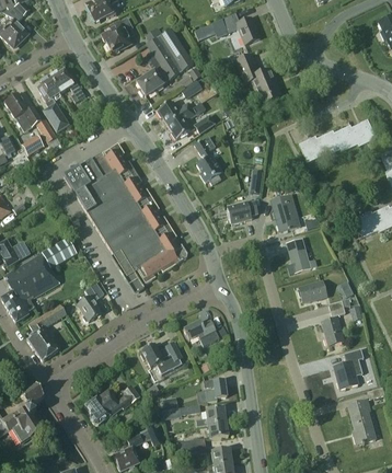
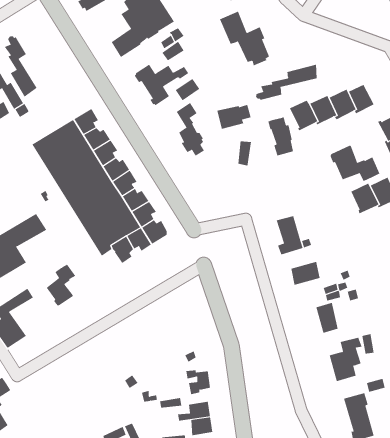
building: [48,67,84,102] -> none
building: none -> [256,64,317,101]
building: none -> [330,145,380,182]
building: [272,195,296,231] -> [267,117,294,156]
building: [226,200,257,223] -> [216,104,251,130]
building: [183,320,218,345] -> none
building: [140,341,182,374] -> none
building: [84,385,139,425] -> none

